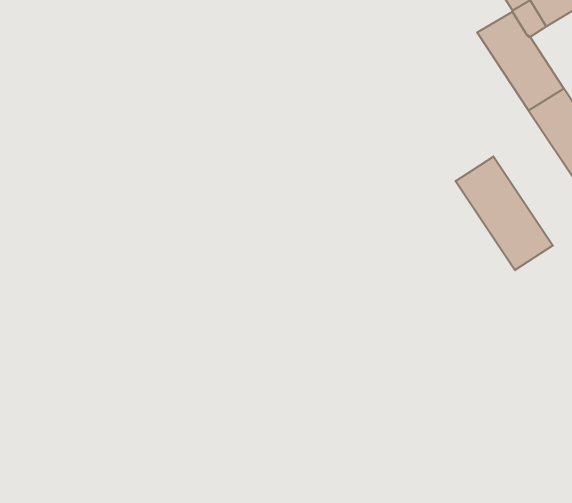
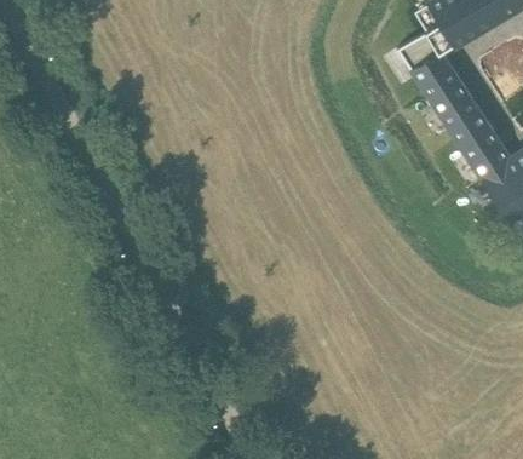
building: [455,156,553,270] -> none

